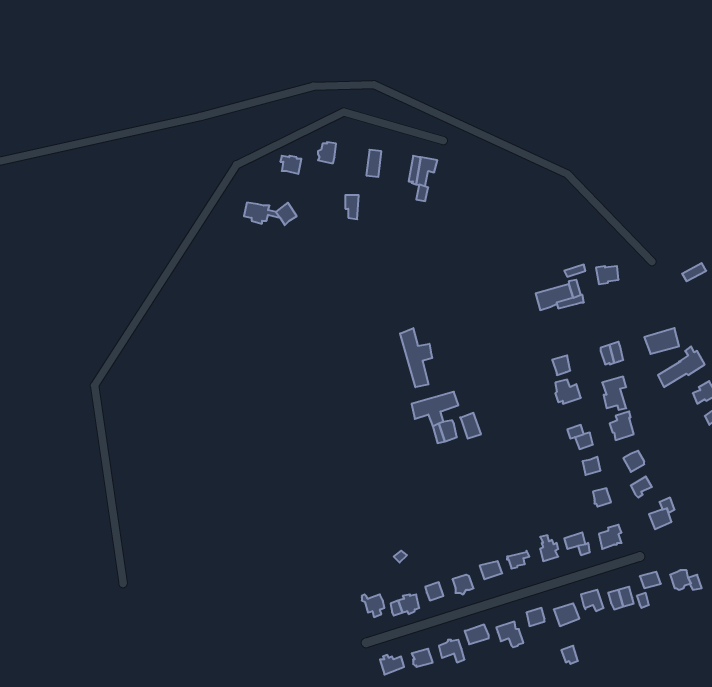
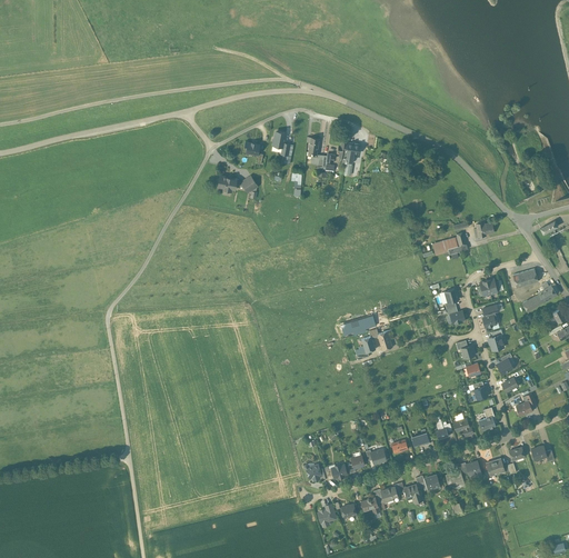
building: [400,328,432,387] -> none

